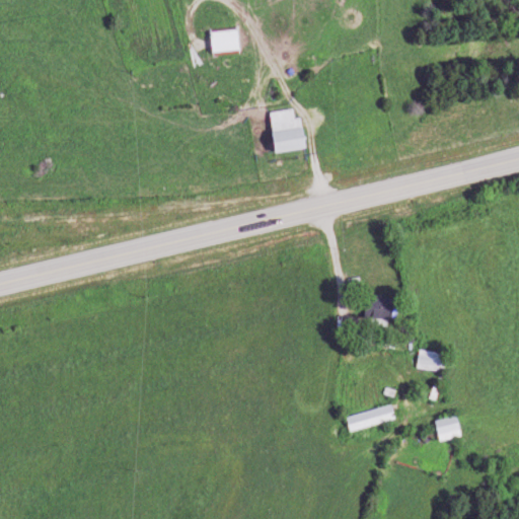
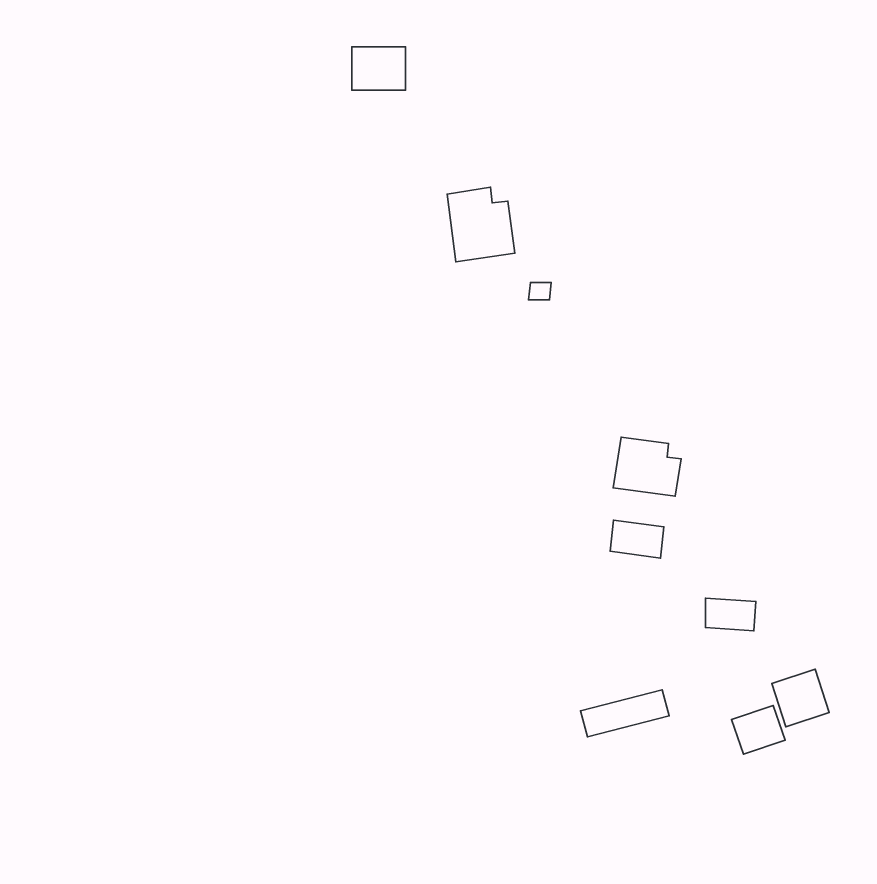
building: none -> [613,437,681,496]
building: none -> [772,669,829,727]

